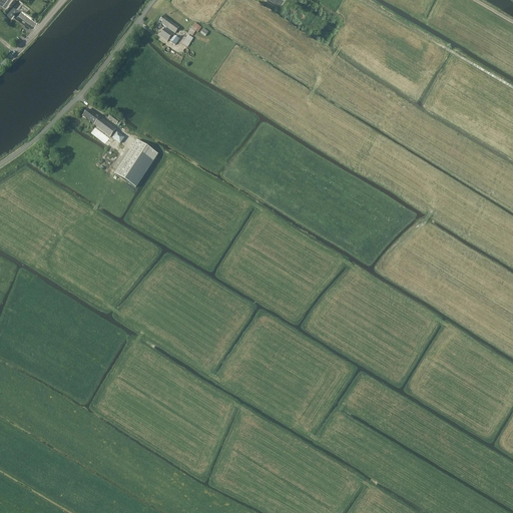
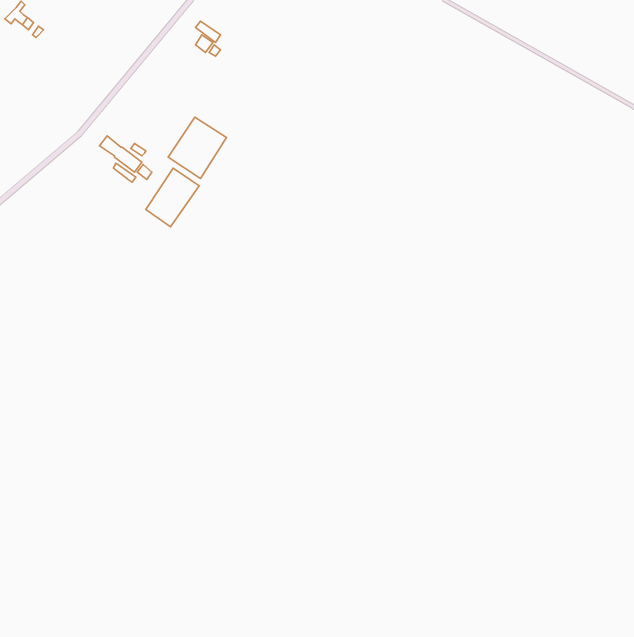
building: none -> [168,117,226,179]

